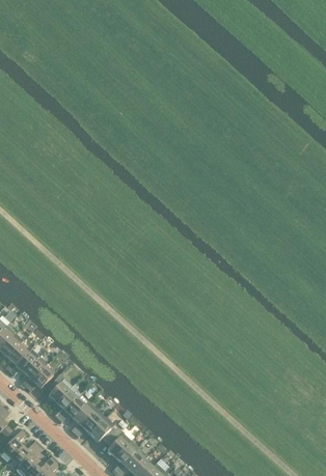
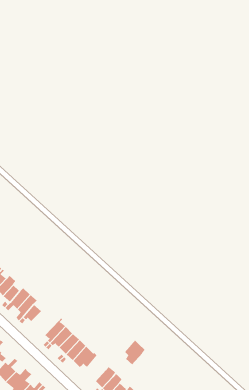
building: [47,372,73,402] -> none
building: [106,426,131,456] -> [124,339,145,365]

